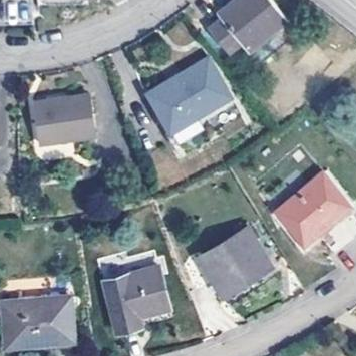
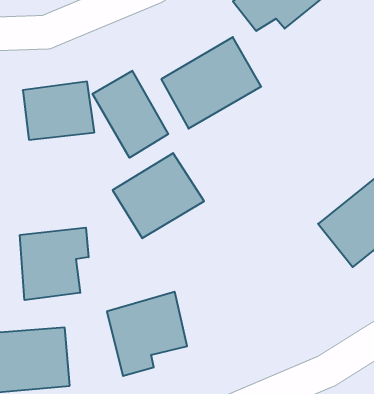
building: none -> [93,71,168,158]
building: none -> [20,228,88,300]
building: [198,229,272,298] -> [113,153,204,238]

